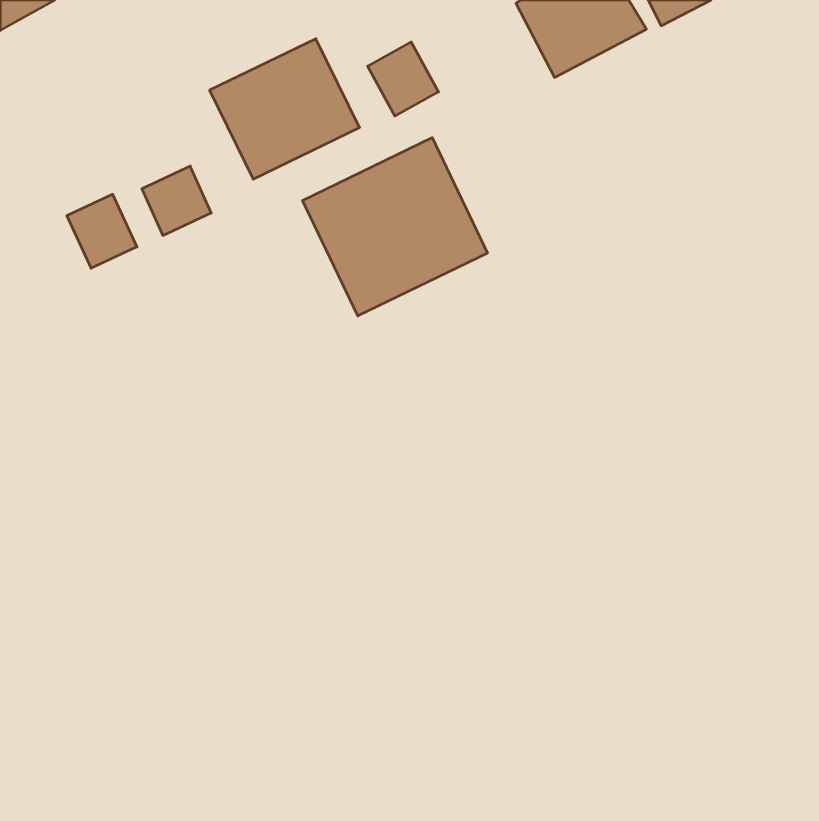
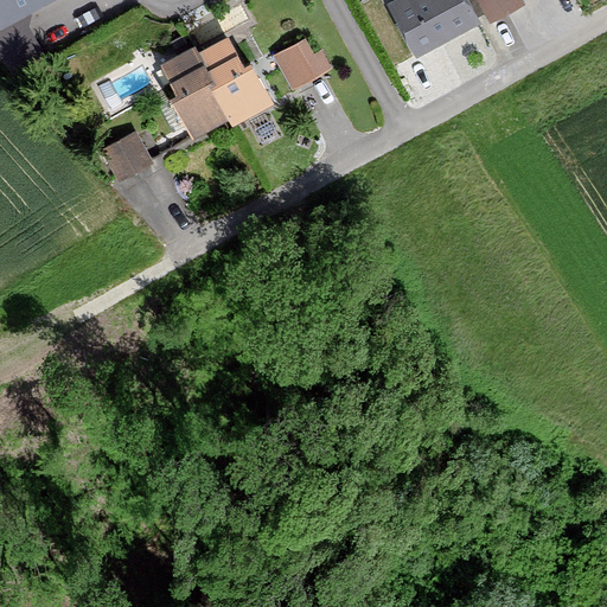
building: [303,138,487,316] -> none
building: [67,194,137,268] -> none

